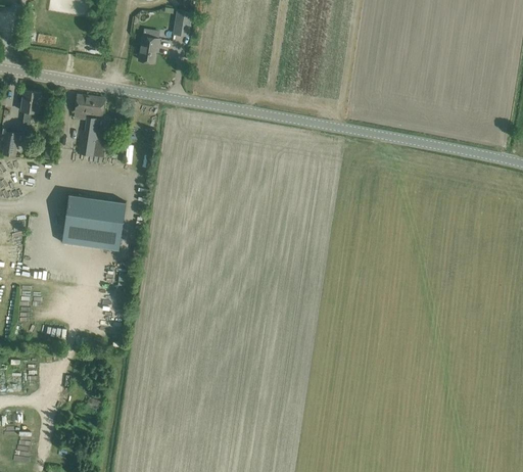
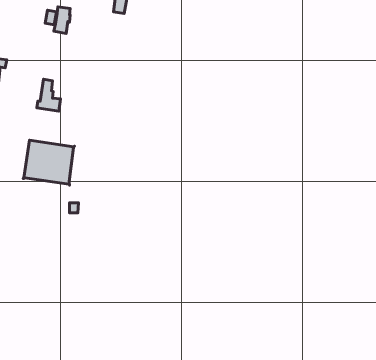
building: [139,30,159,63] -> [54,7,70,34]
building: [75,95,103,121] -> none

